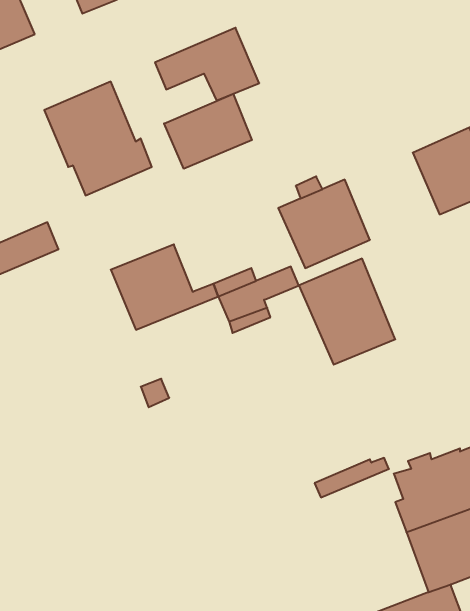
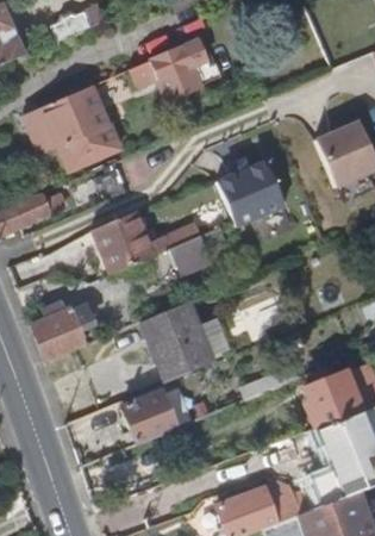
building: [164,94,252,169] -> none
building: [299,259,395,365] -> [144,299,217,379]
building: none -> [32,307,85,361]
building: none -> [119,389,176,444]

